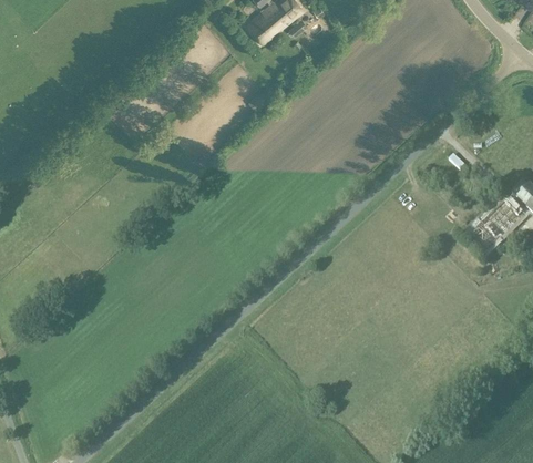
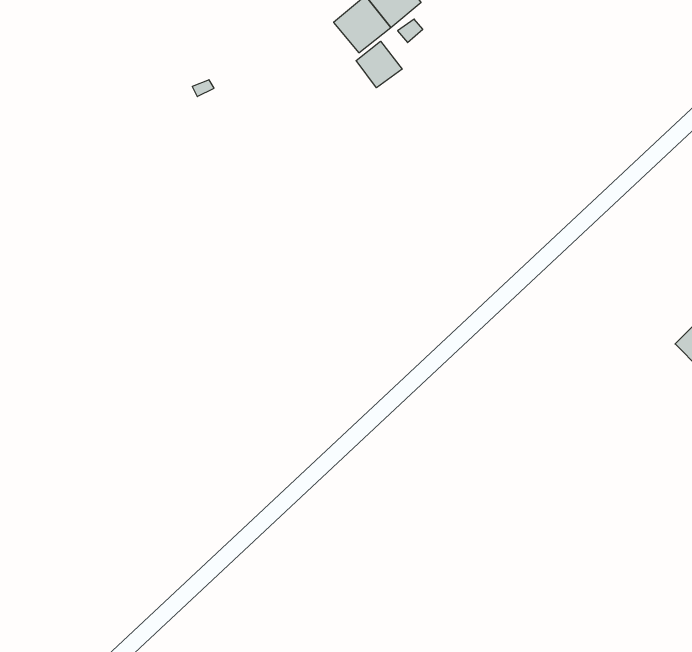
building: none -> [356,41,402,88]

